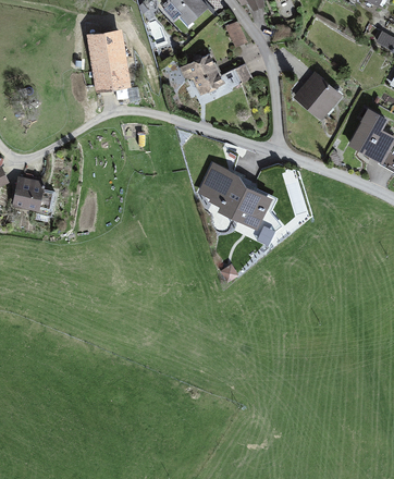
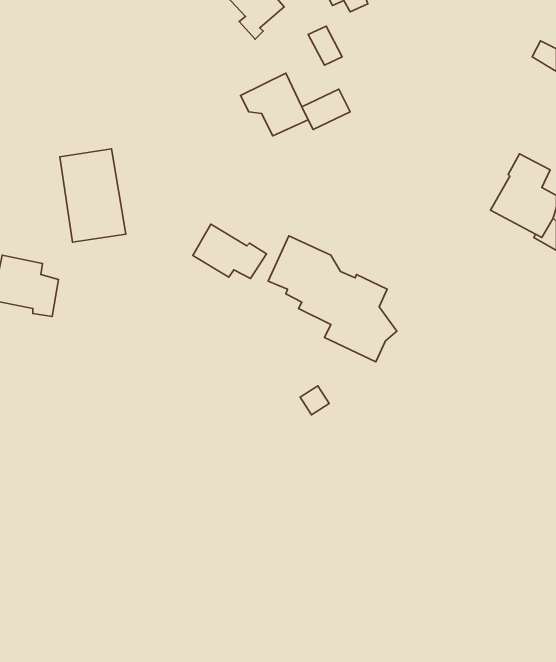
building: [86,28,131,91] -> [60,149,126,242]
building: [293,72,343,121] -> none
building: none -> [193,224,266,279]

